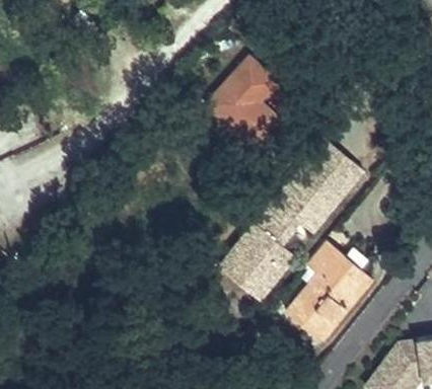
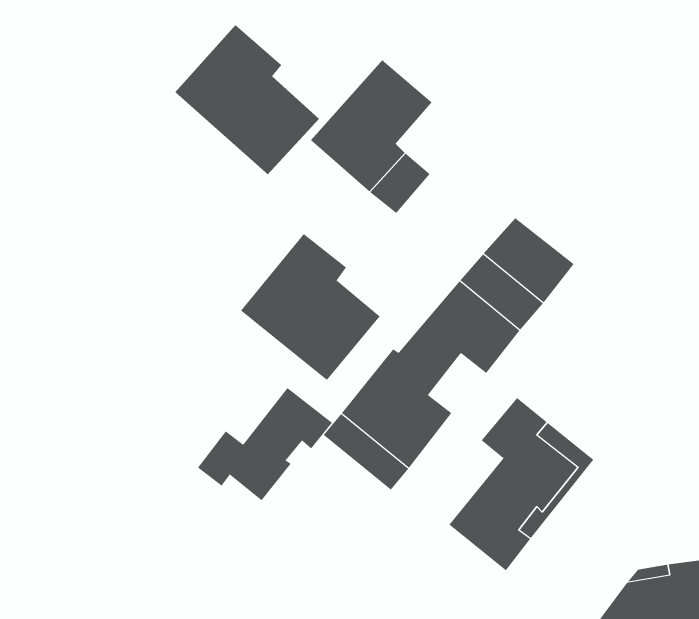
building: none -> [174,24,320,175]
building: none -> [240,233,381,381]
building: none -> [197,387,333,501]

